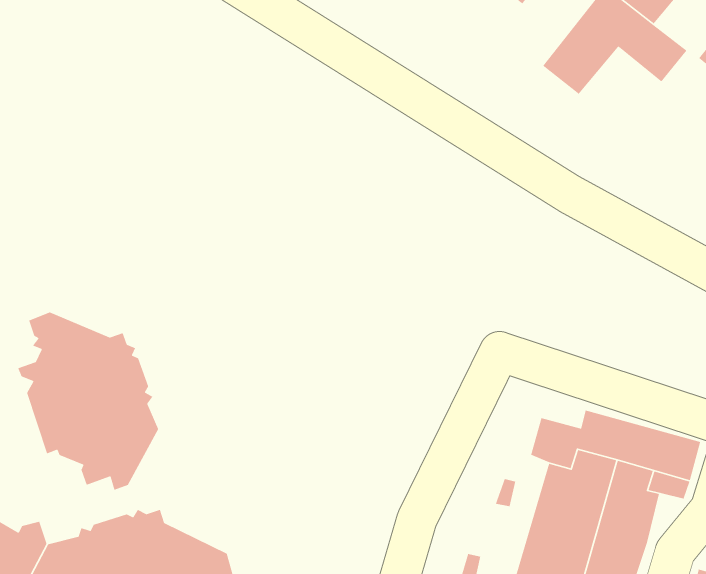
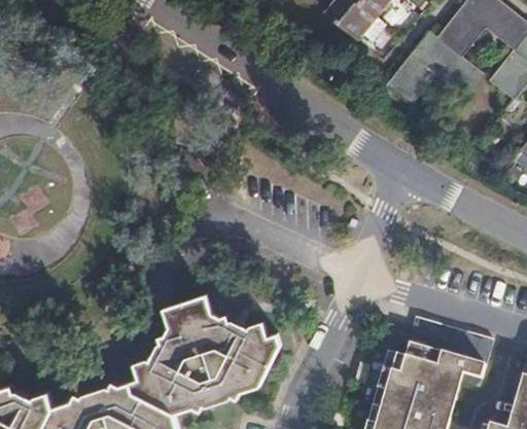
building: [17,311,159,491] -> none
building: none -> [128,299,277,414]

